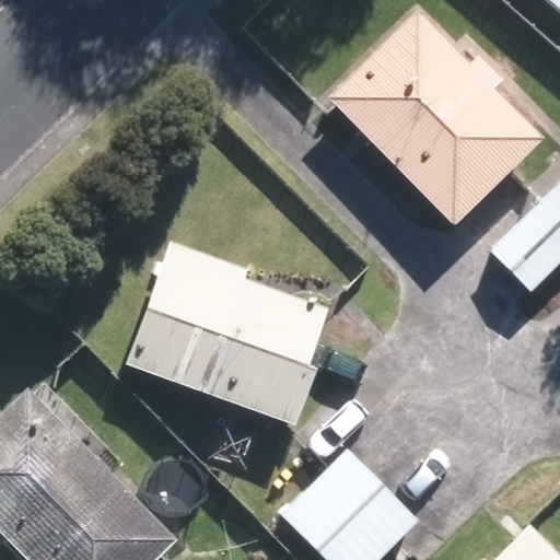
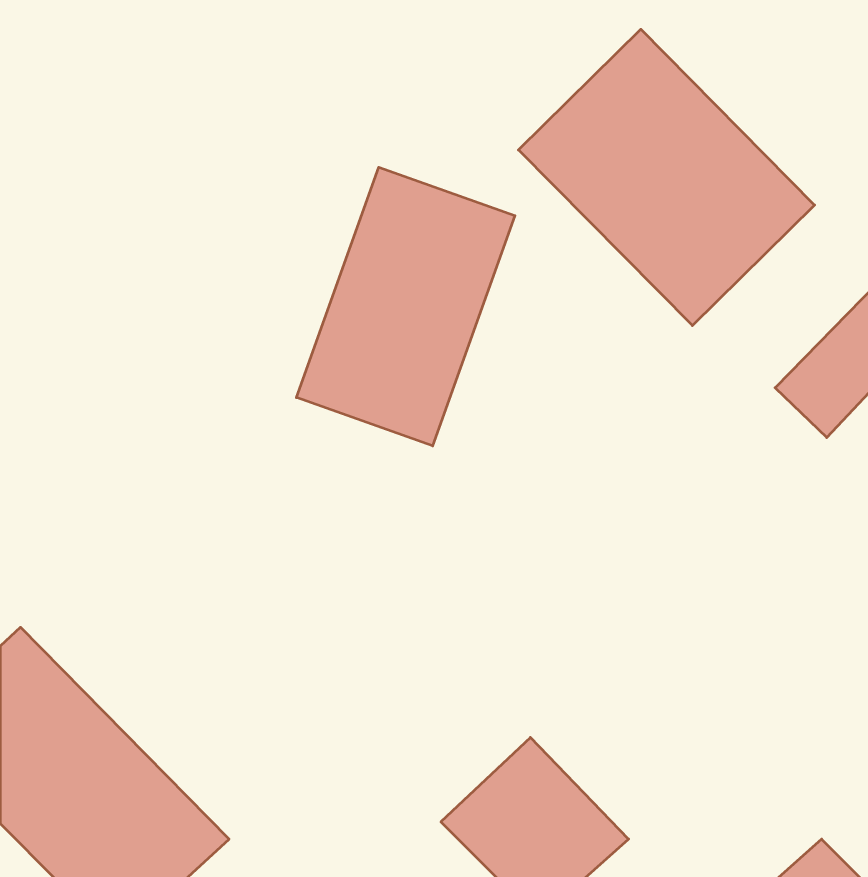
building: none -> [296,167,515,446]
building: [133,250,322,411] -> none

